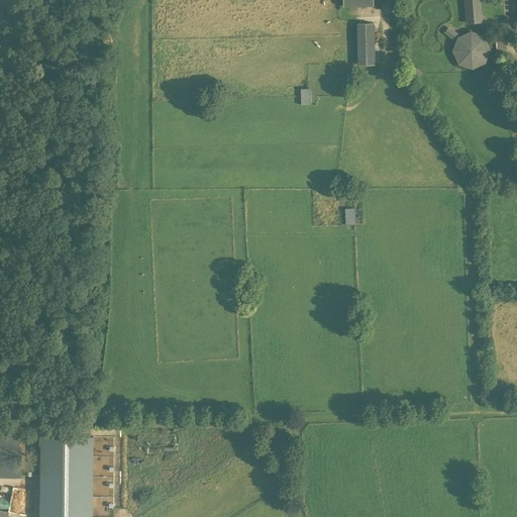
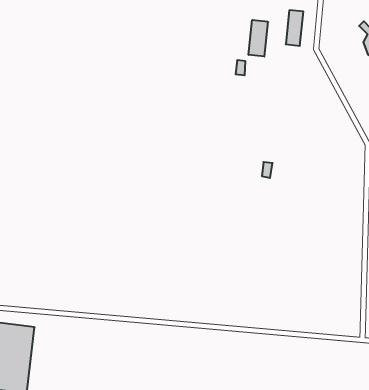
building: none -> [249,20,268,57]

